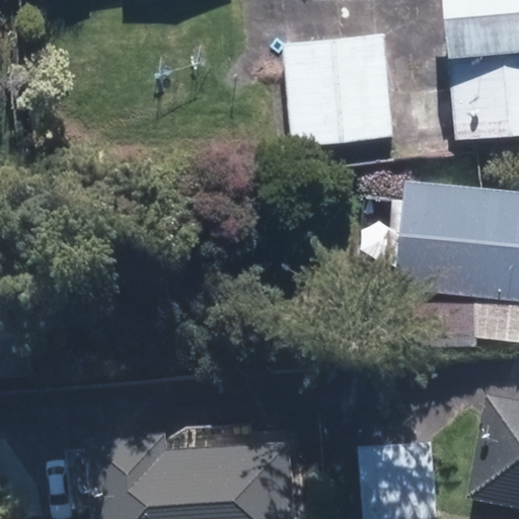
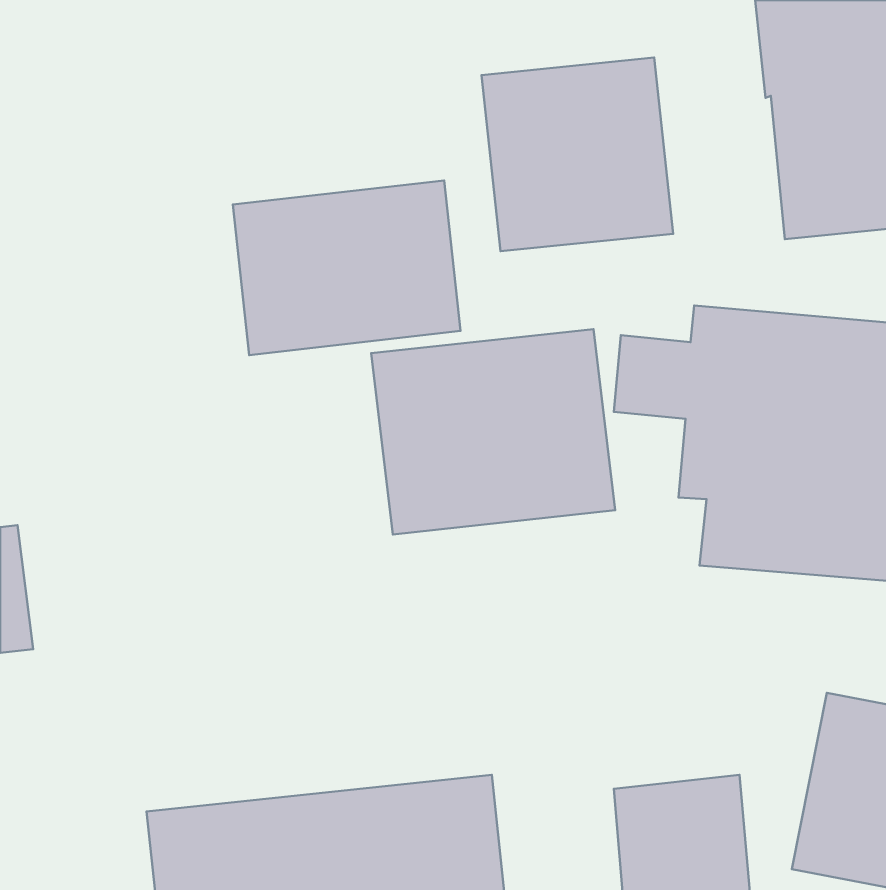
building: none -> [233,180,461,355]
building: none -> [371,329,615,535]

